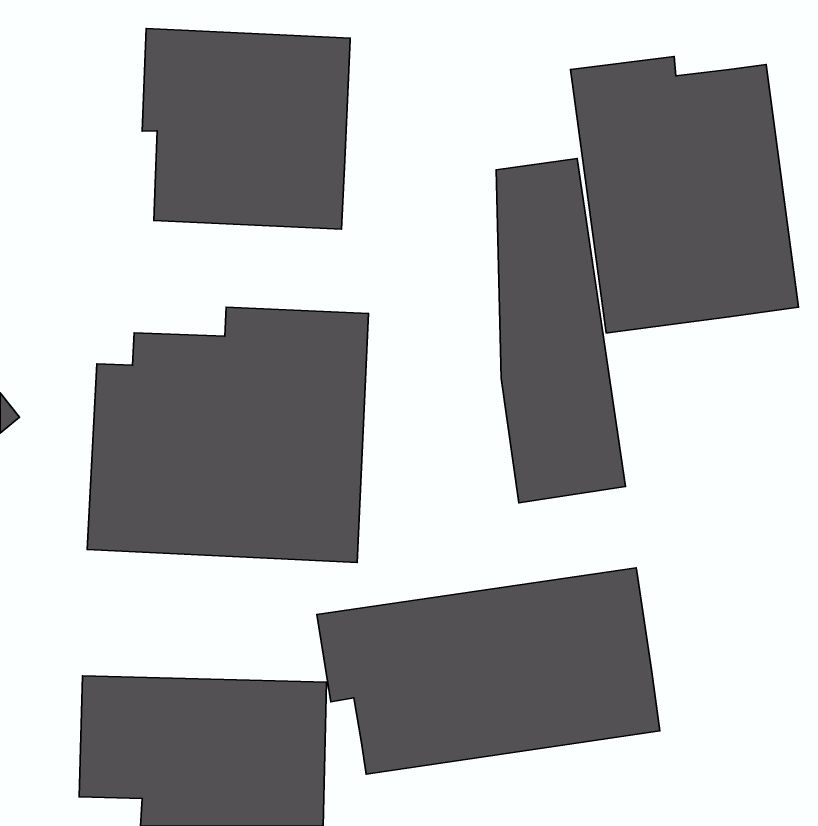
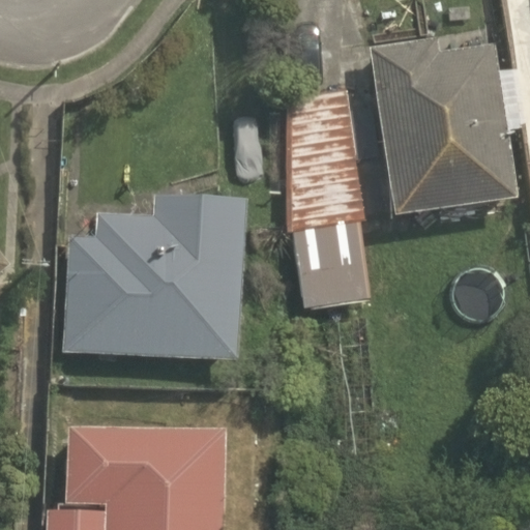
building: [142,29,350,229] -> none
building: [317,568,660,774] -> none

